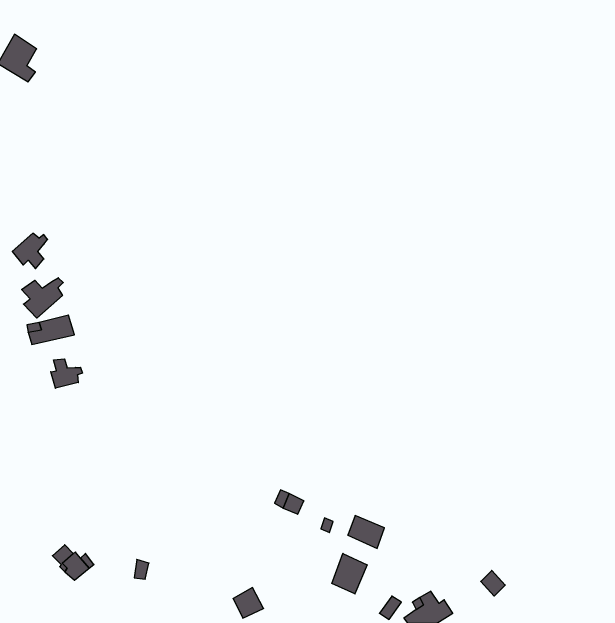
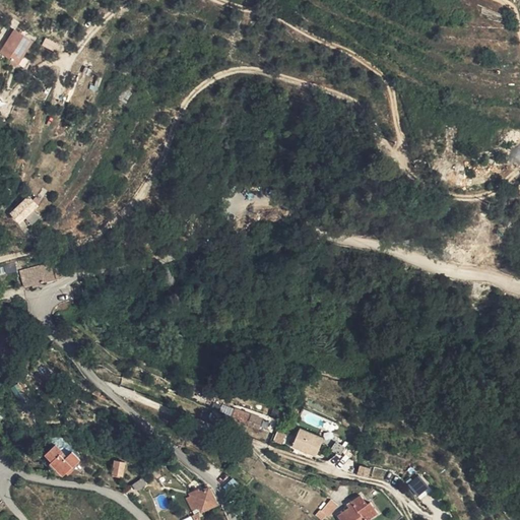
building: [22,278,63,318] -> none
building: [51,359,82,388] -> none
building: [332,553,367,594] -> none

